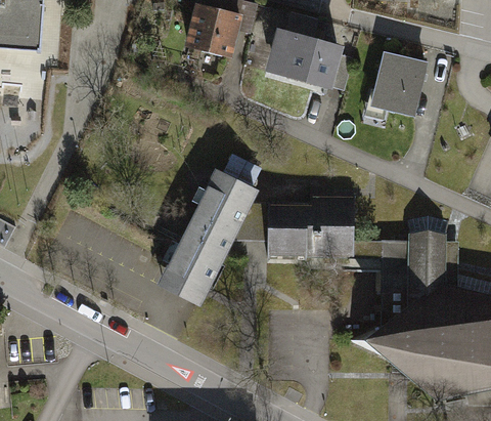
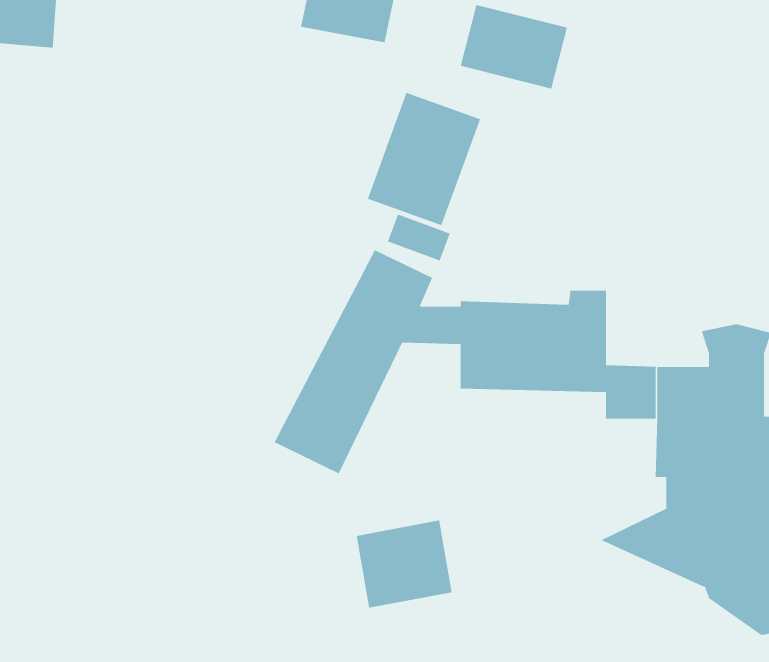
building: [366,55,428,122] -> none
building: none -> [367,92,481,226]
building: none -> [356,520,452,609]

